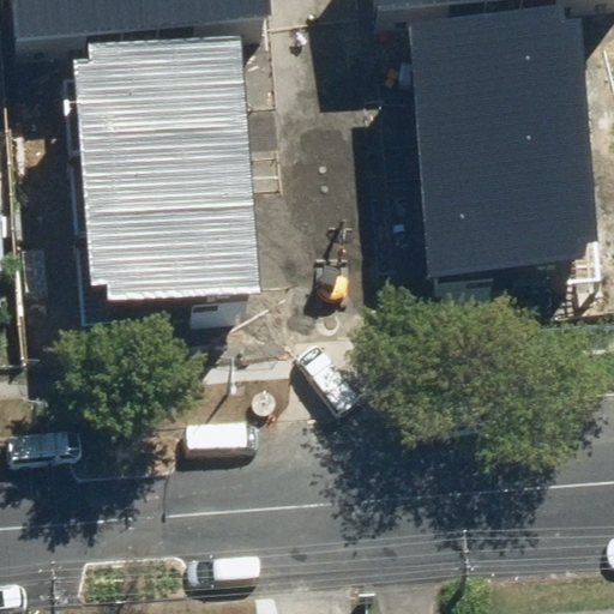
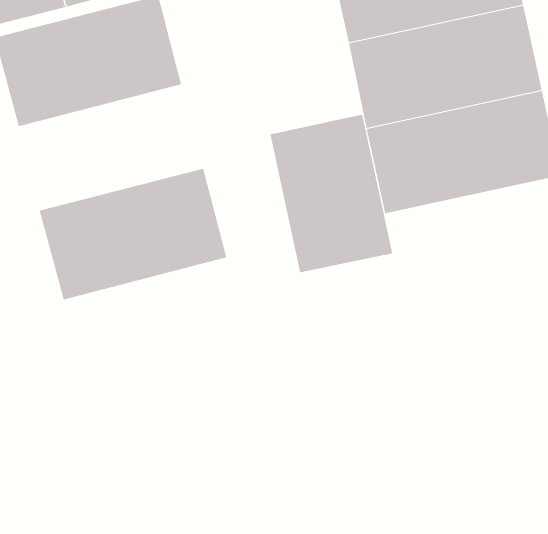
building: [80,114,253,213] -> none
building: none -> [270,114,393,273]

